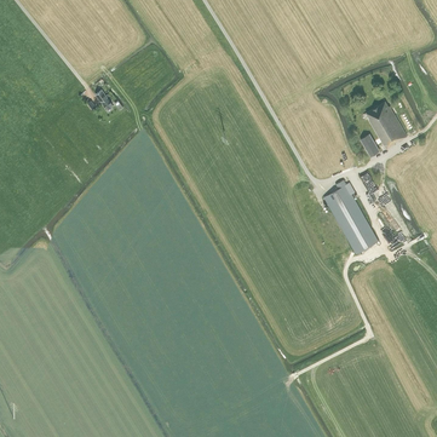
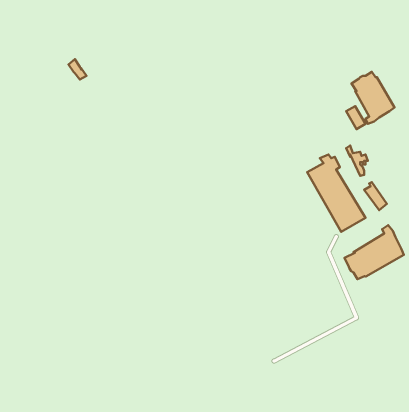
building: none -> [345,225,404,279]

